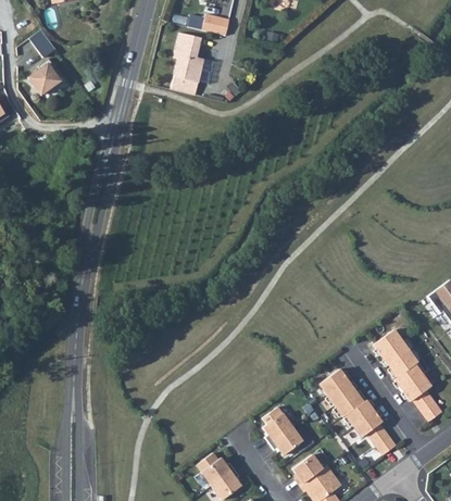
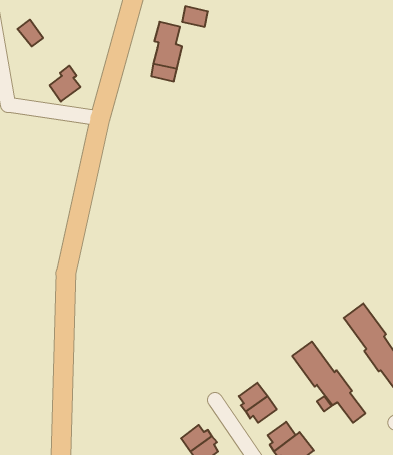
building: [27,55,60,93] -> [50,66,80,102]

